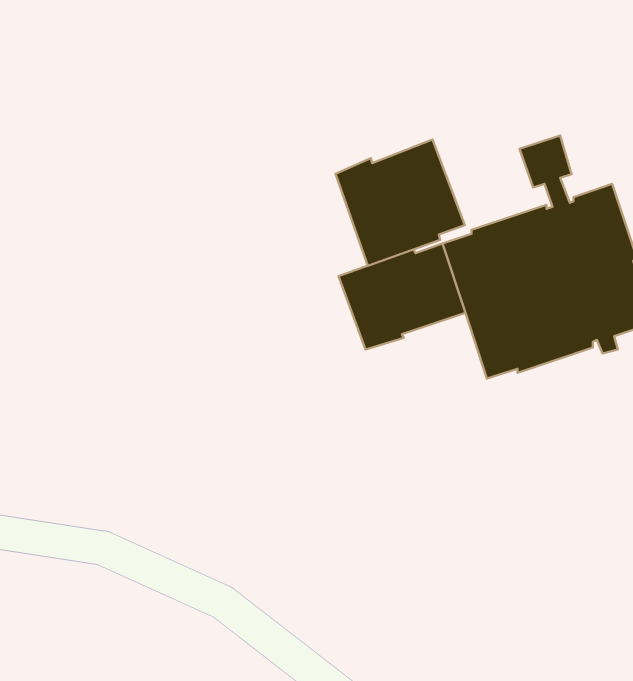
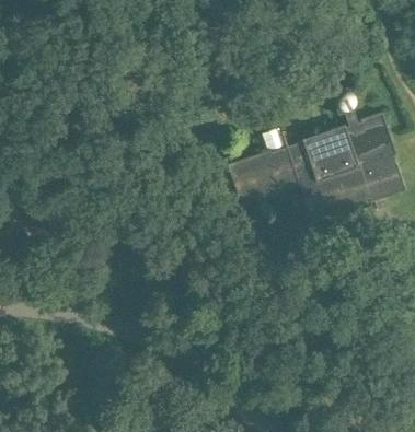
building: [335,140,465,266] -> none

